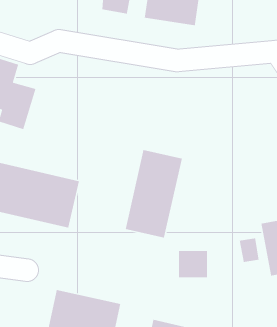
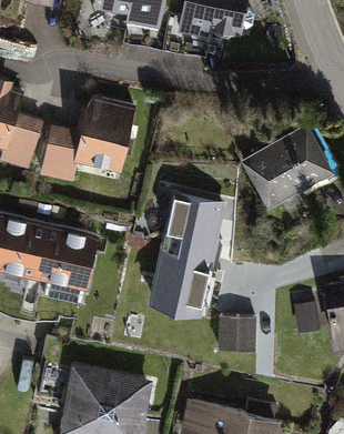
building: none -> [40,92,140,182]
building: none -> [243,122,334,208]

